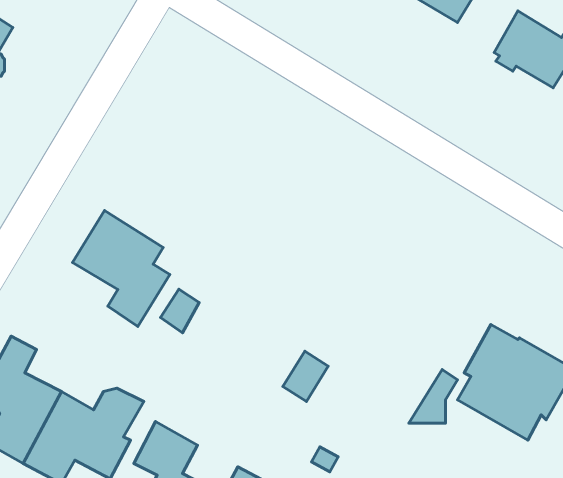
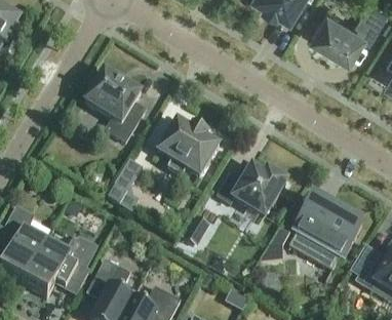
building: none -> [157,120,219,177]
building: [73,211,170,326] -> [85,71,145,142]
building: none -> [218,167,286,217]

